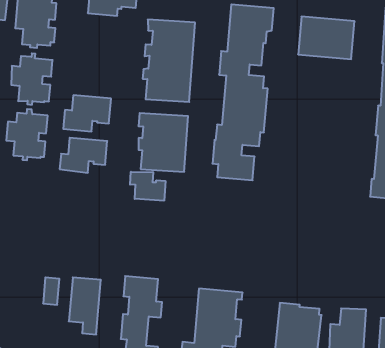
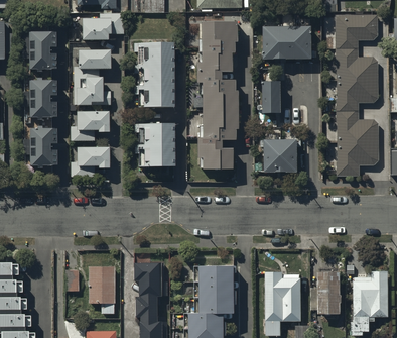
building: none -> [74,49,111,105]
building: none -> [264,82,282,114]
building: none -> [266,139,298,174]
building: [130,172,165,201] -> none

